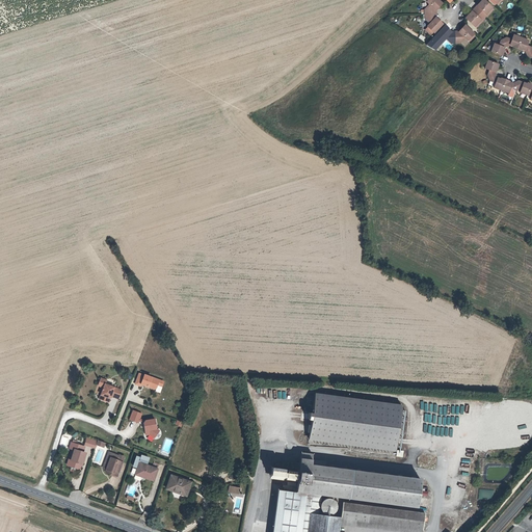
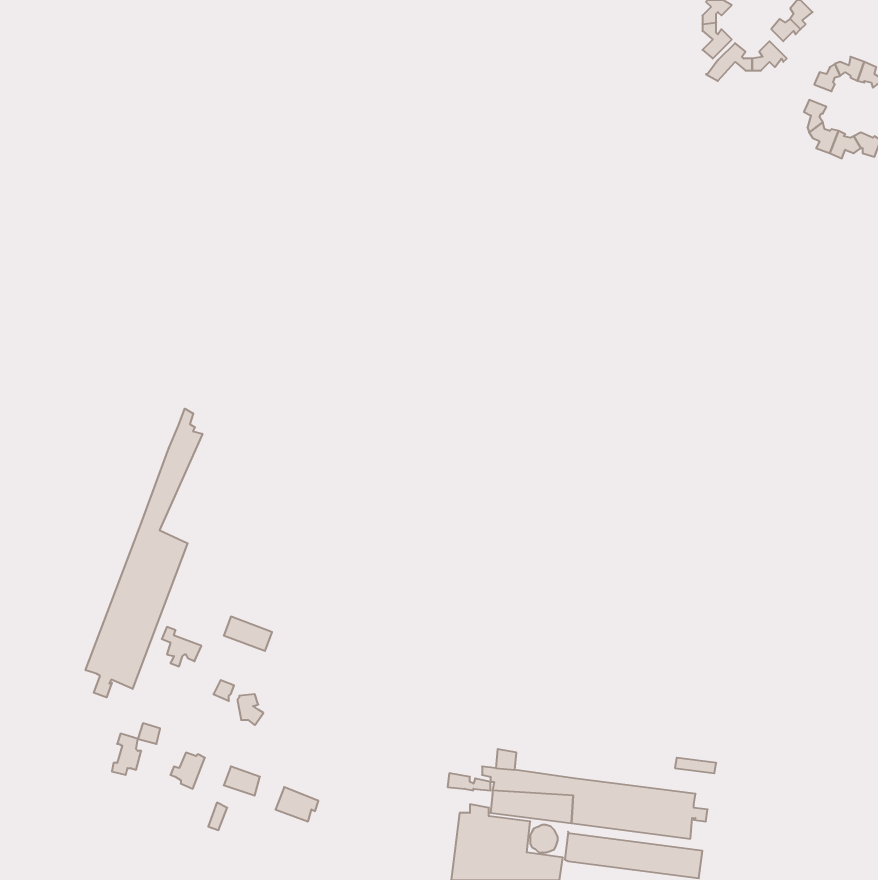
building: none -> [86,409,202,697]
building: [309,394,402,451] -> none

